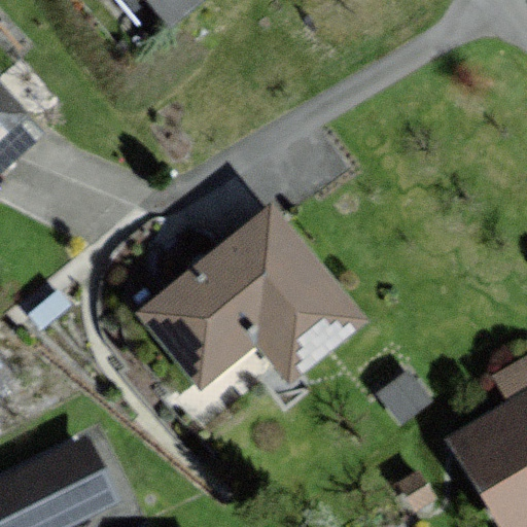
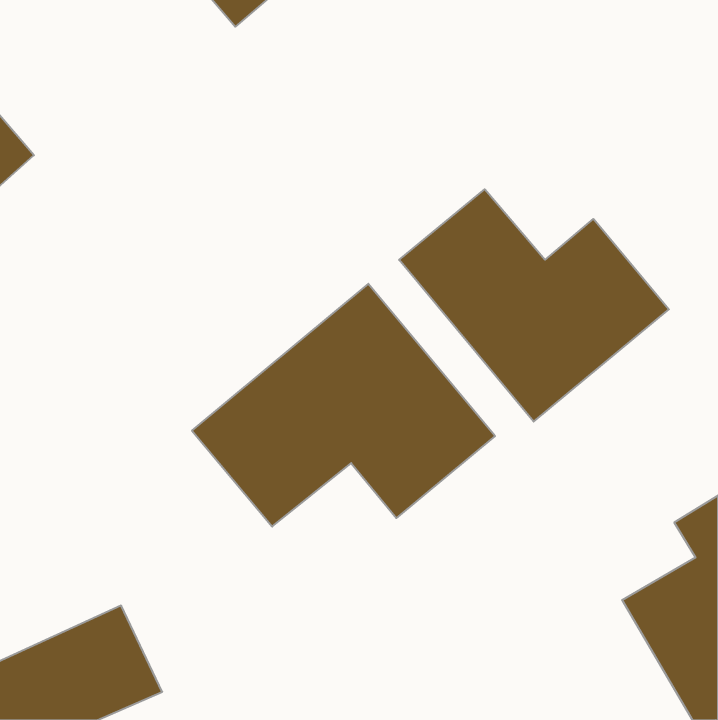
building: none -> [399,189,669,422]

